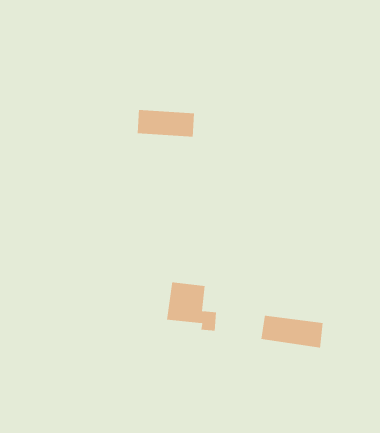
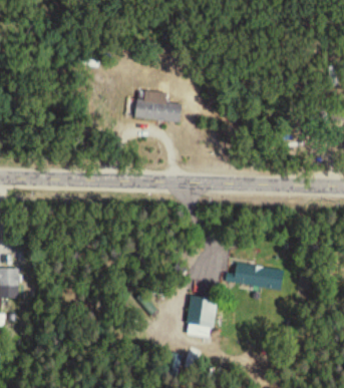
building: [166,282,217,331] -> [186,295,226,334]

